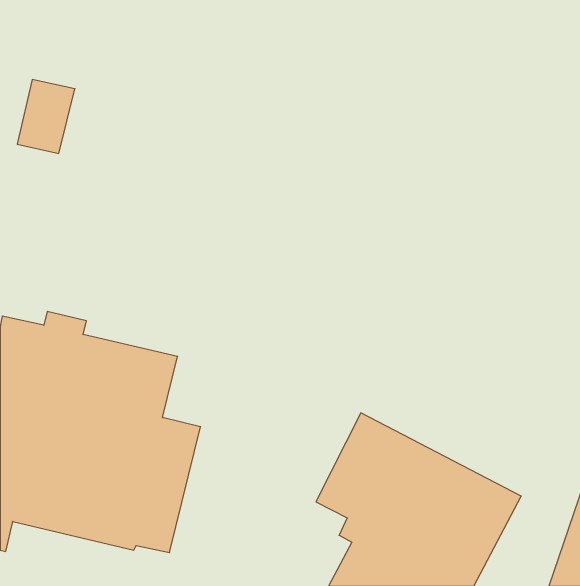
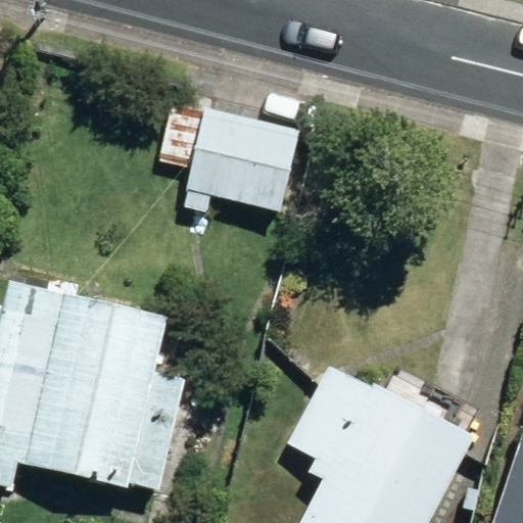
building: none -> [160,103,299,210]

